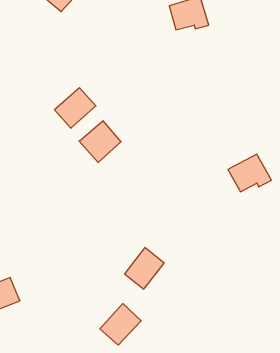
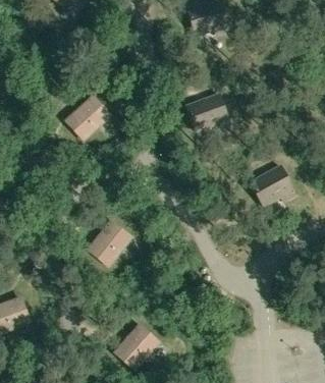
building: none -> [185,94,229,131]
building: [79,121,121,163] -> none
building: [125,248,164,289] -> [88,221,129,265]

